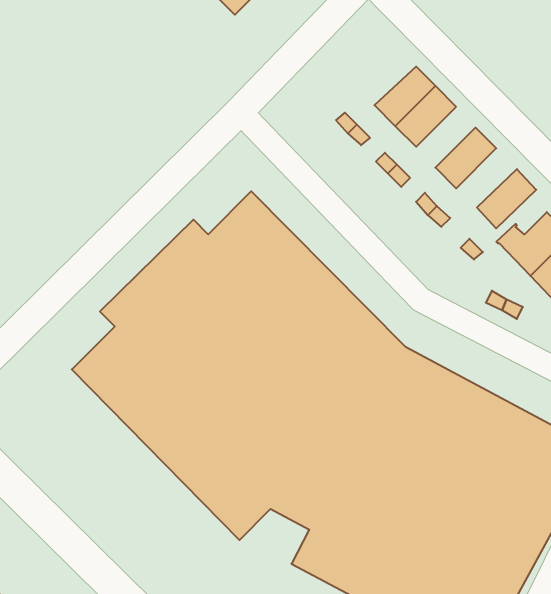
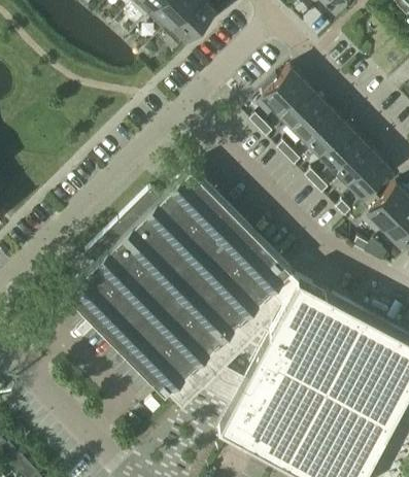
building: none -> [265,72,307,113]
building: none -> [307,114,348,157]
building: none -> [335,143,377,184]

